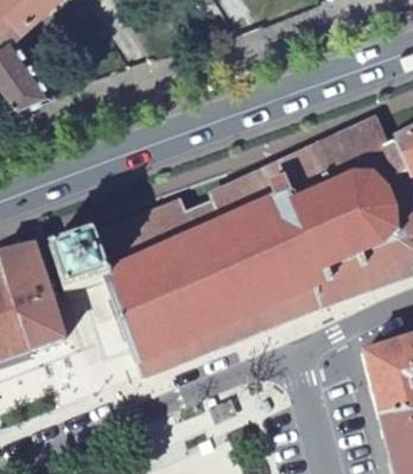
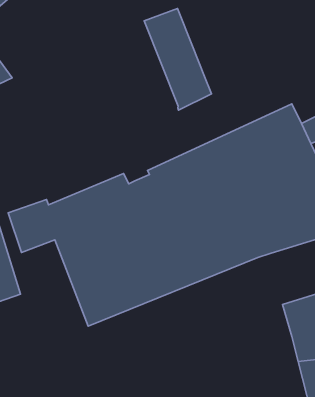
building: none -> [144,9,212,110]

